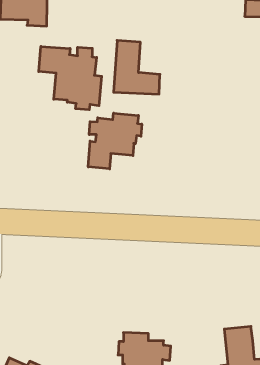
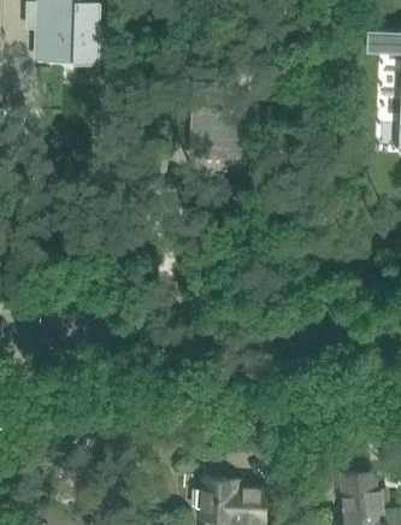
building: [39,46,102,110] -> none
building: [88,113,142,169] -> none

